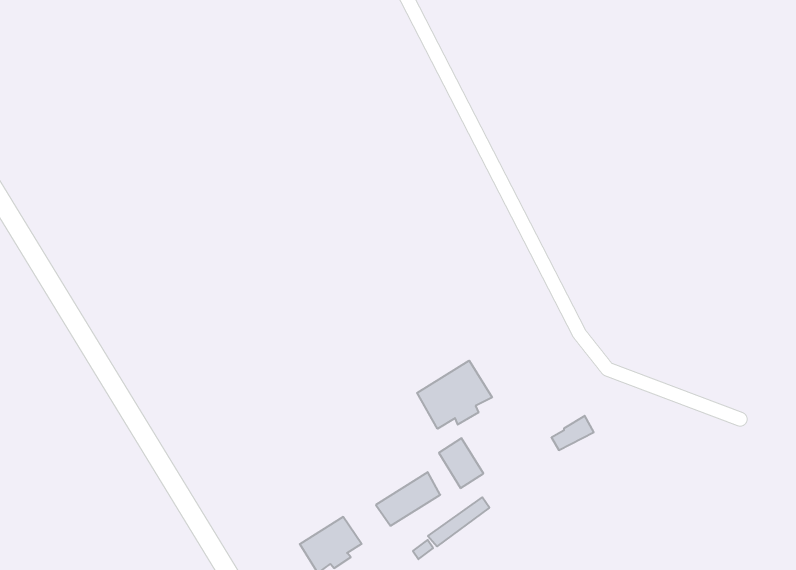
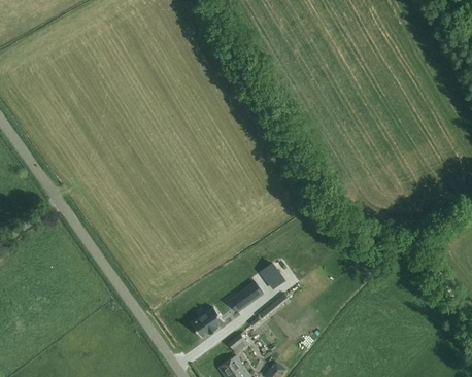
building: [417,361,492,429] -> none

